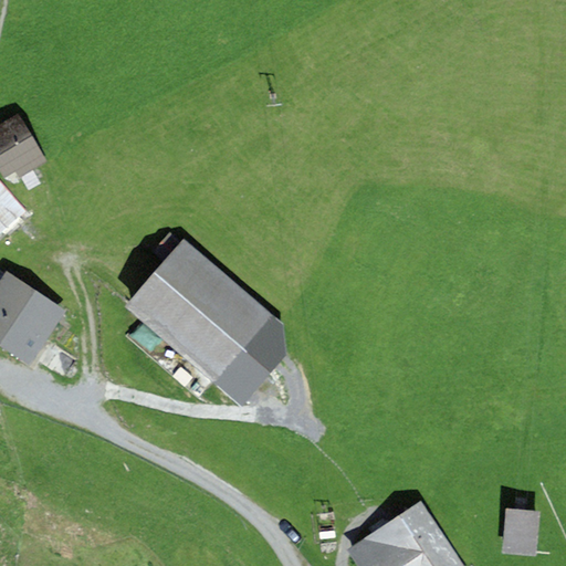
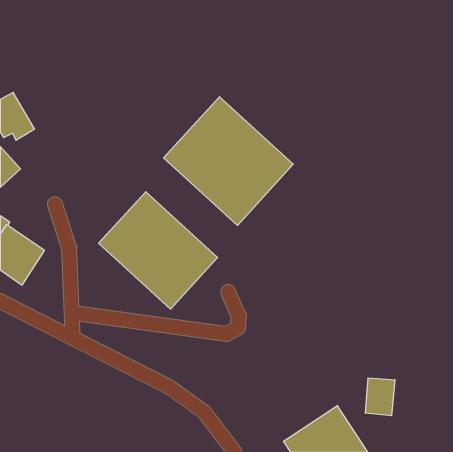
building: none -> [164,97,293,225]
building: [213,321,290,405] -> none
building: [503,504,541,551] -> [365,378,395,416]

